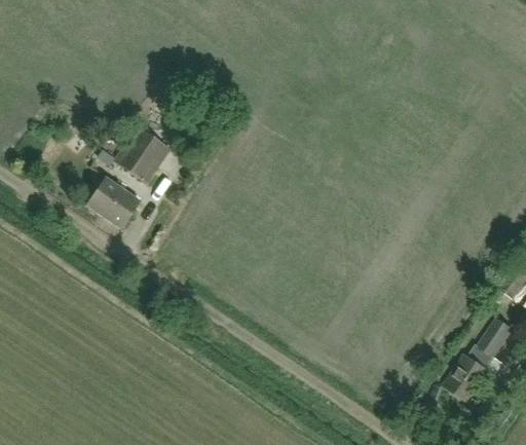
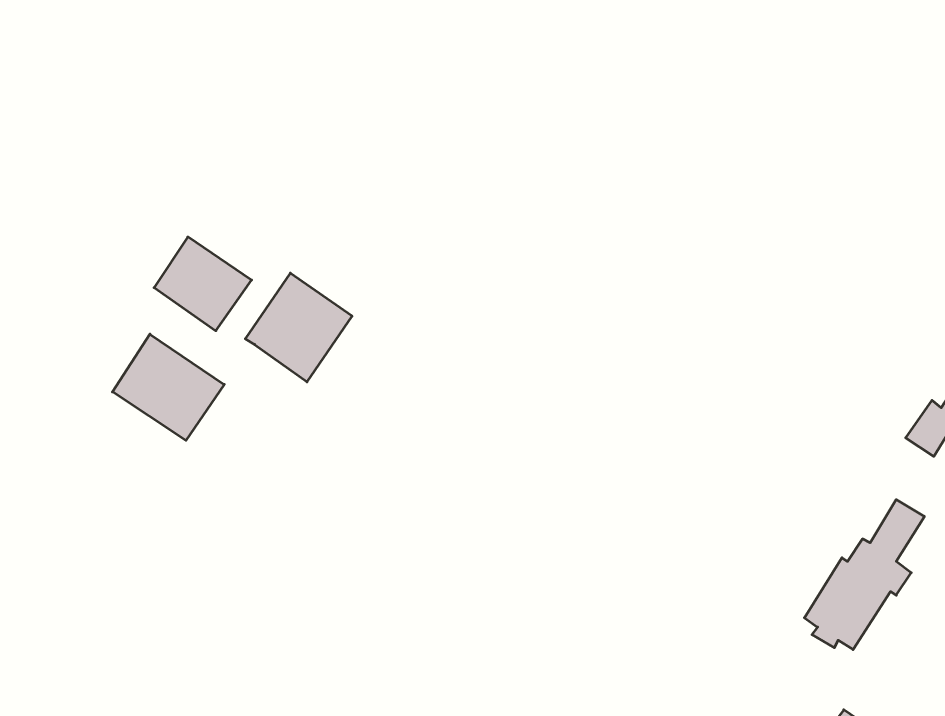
building: [113,125,172,185] -> [245,273,352,382]
building: none -> [112,334,224,440]

